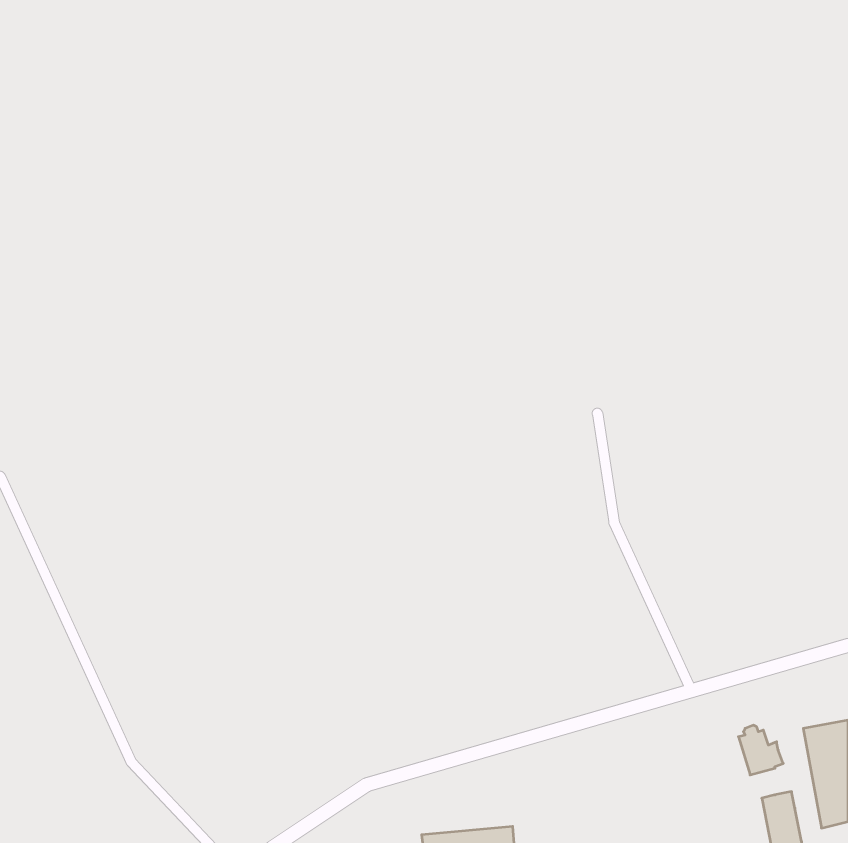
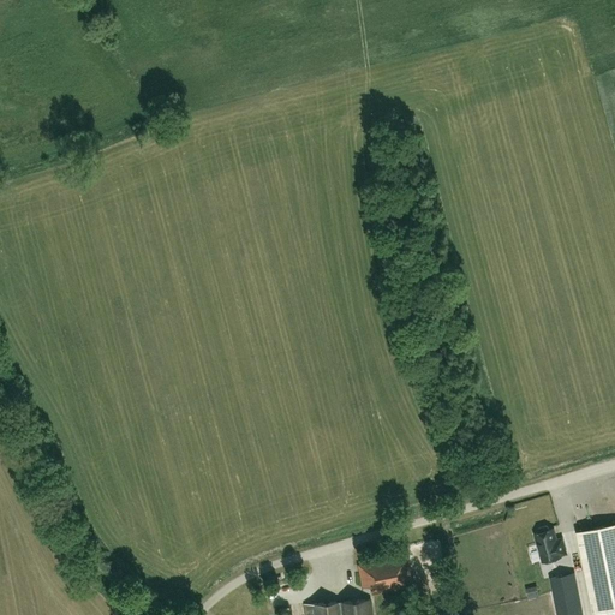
building: none -> [358,557,412,591]

